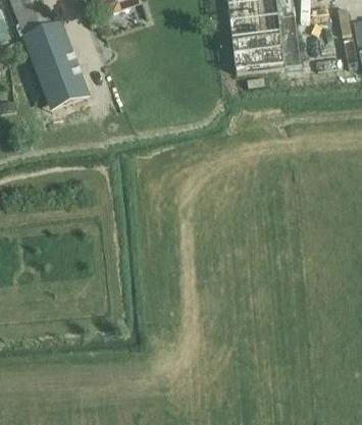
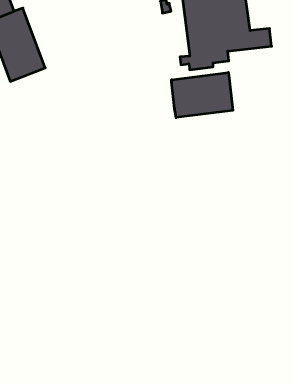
building: none -> [172,72,233,118]

